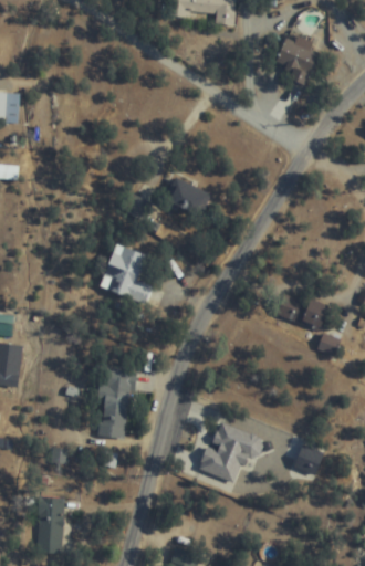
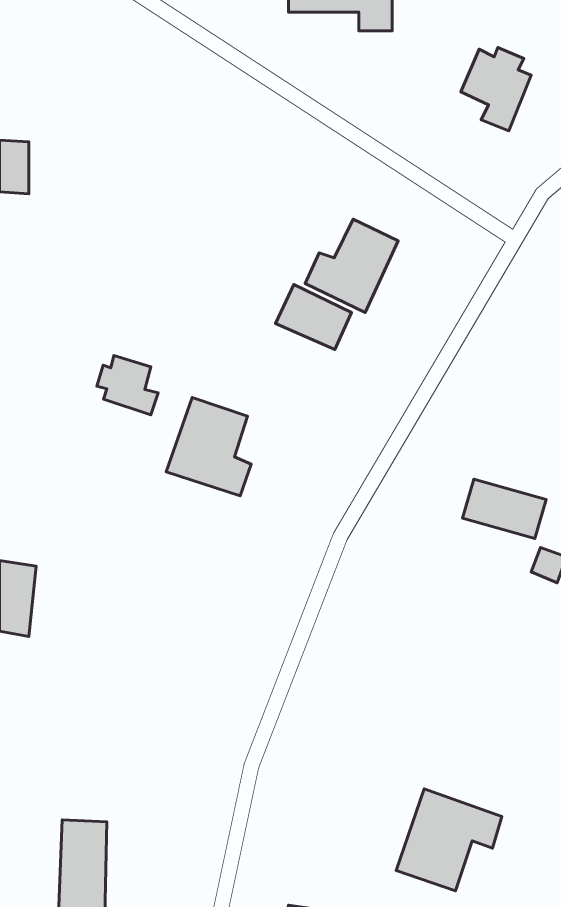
building: none -> [305,219,398,313]
building: none -> [97,355,158,415]
building: [97,366,134,429] -> none
building: [200,421,263,482] -> [396,789,502,891]

